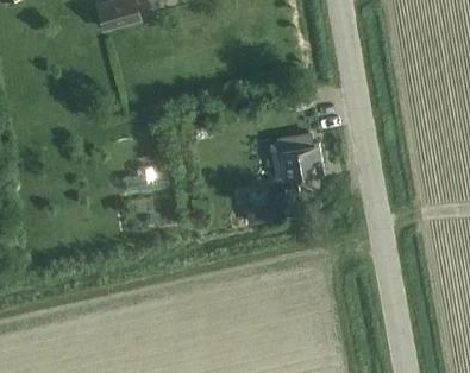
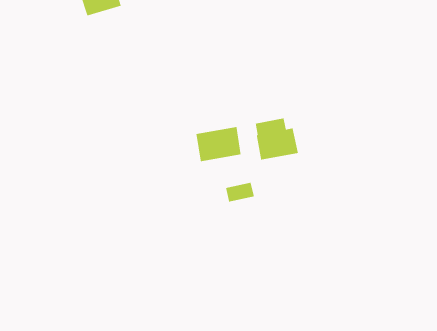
building: none -> [196,126,242,162]

